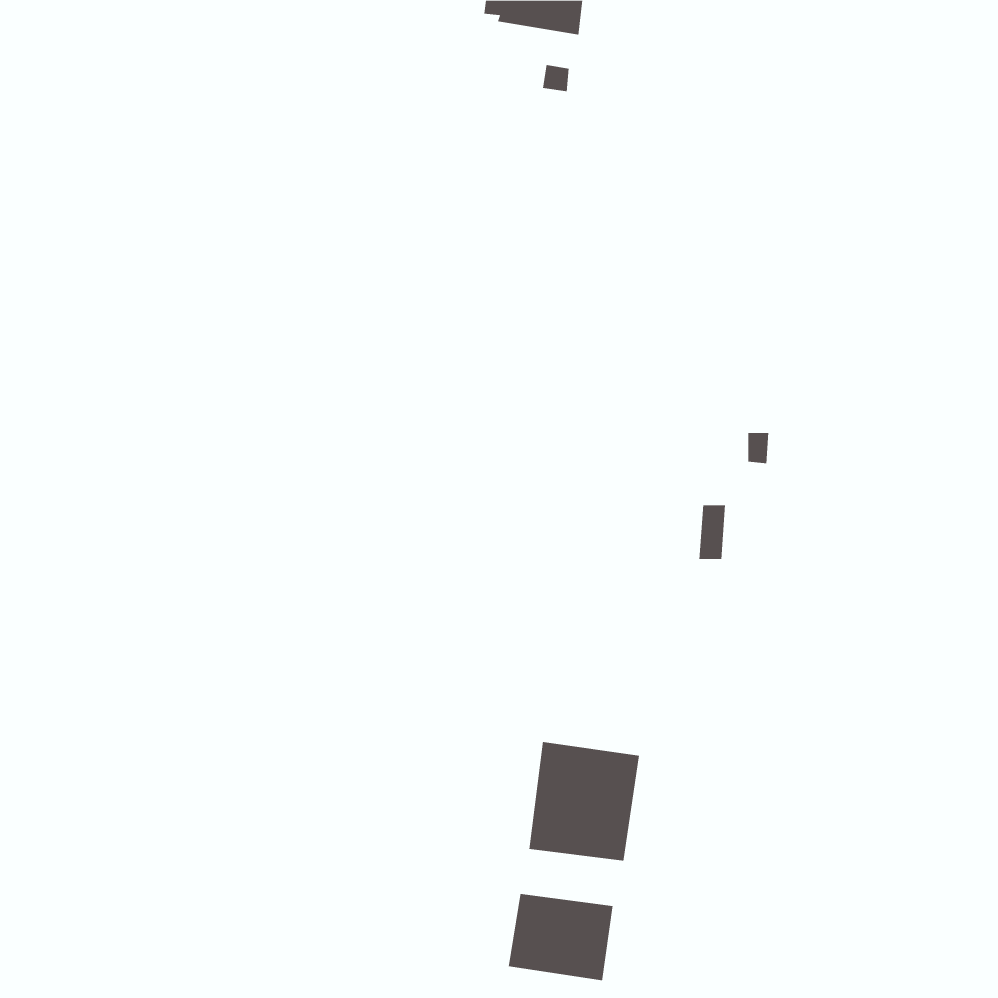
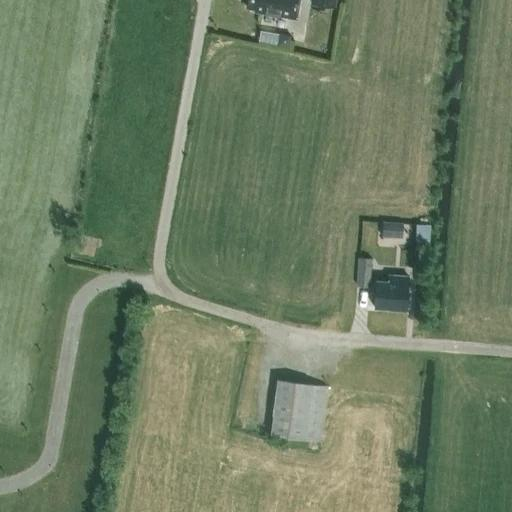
building: none -> [375,276,409,310]
building: [508,893,613,981] -> none

